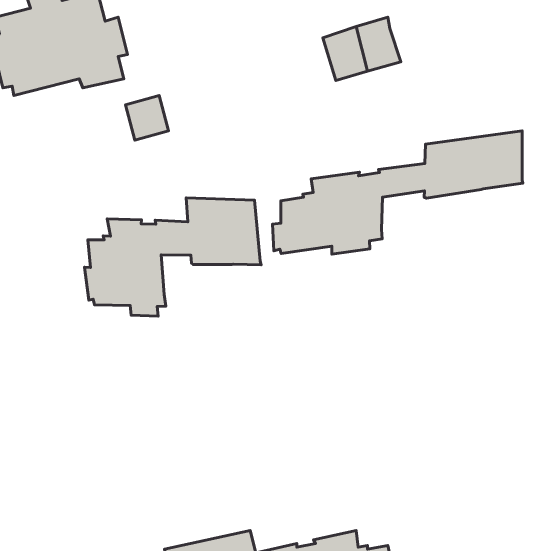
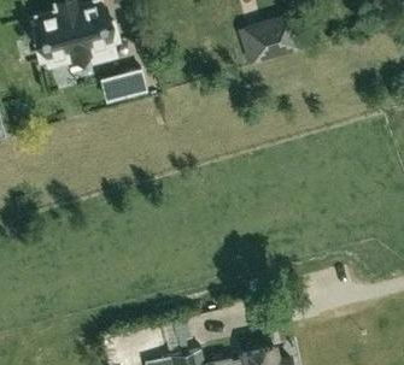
building: [272,131,523,254] -> none
building: [85,198,261,316] -> none

